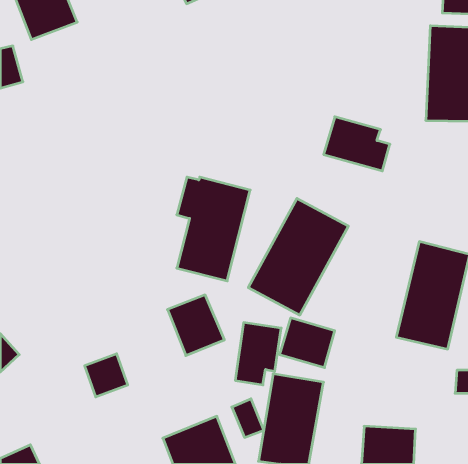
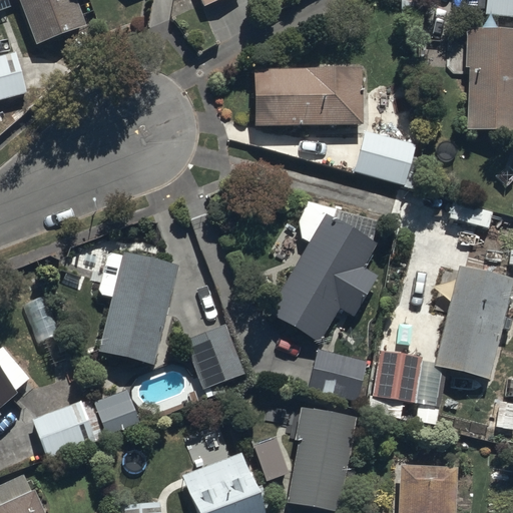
building: none -> [252,66,365,127]
building: [177,177,250,281] -> [98,249,178,363]
building: [235,323,281,385] -> [372,348,422,416]
building: none -> [32,397,105,458]

